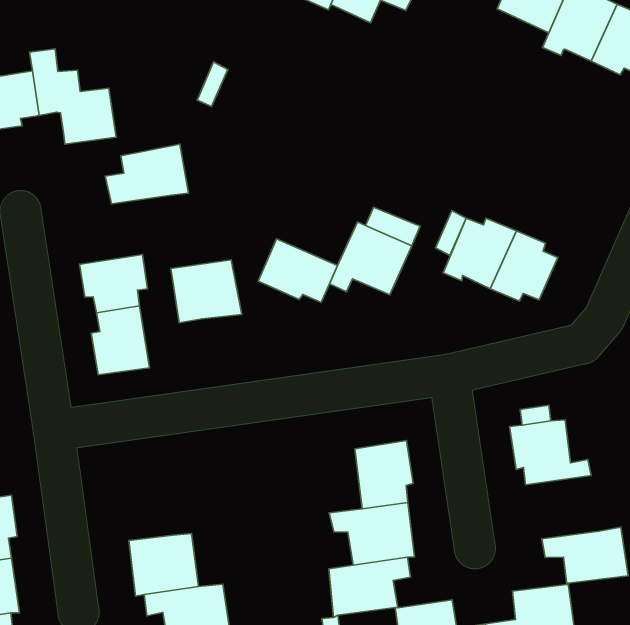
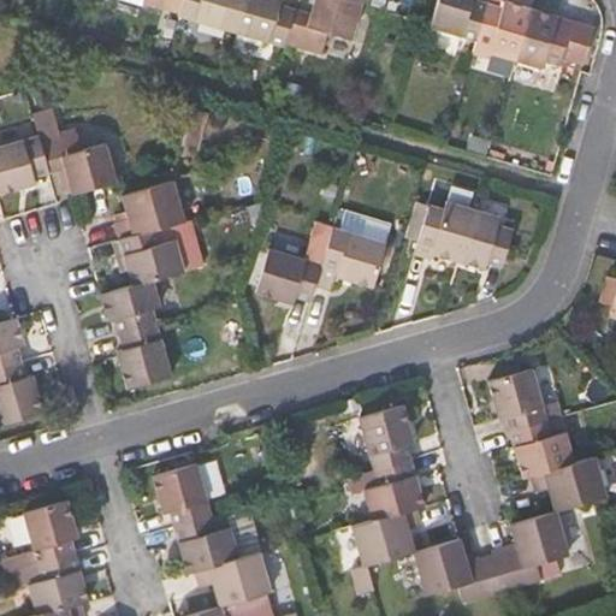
building: [171,260,242,323] -> [122,224,188,284]
building: none -> [156,463,213,525]
building: none -> [509,415,578,478]

